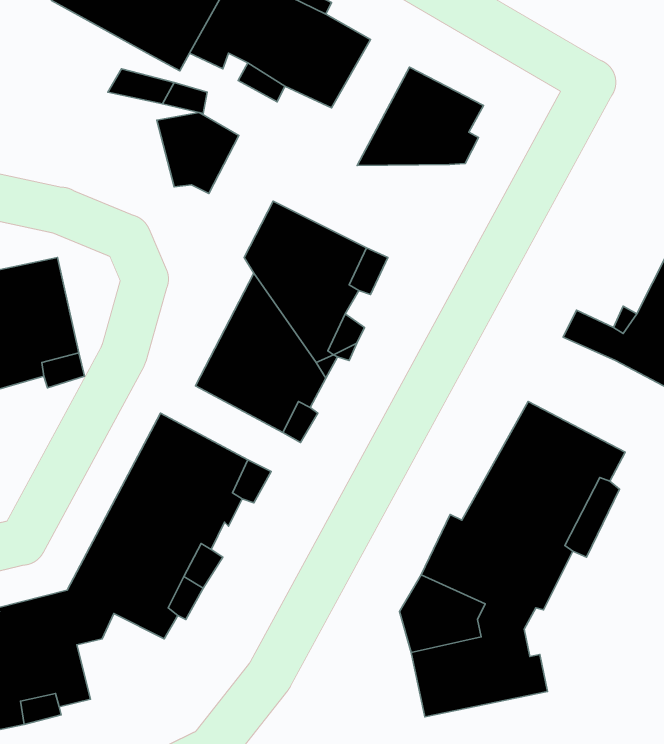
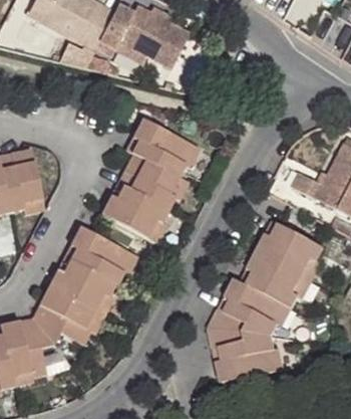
building: [357,67,483,166] -> none
building: [157,113,239,194] -> none

